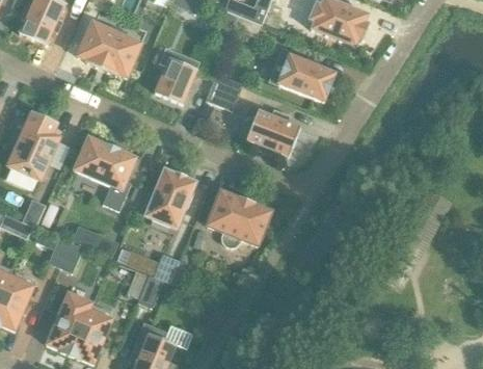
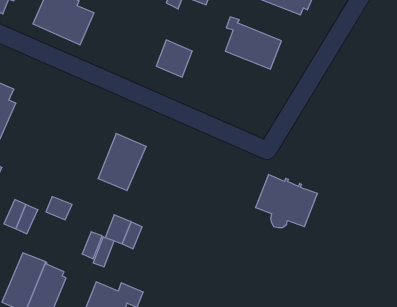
building: [155,46,199,103] -> none
building: [246,108,300,155] -> none
building: [74,135,136,209] -> none
building: [207,190,271,245] -> [255,174,318,228]

